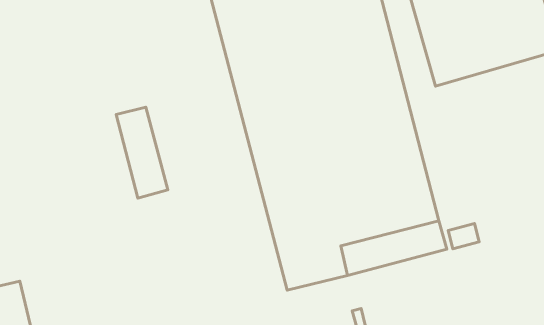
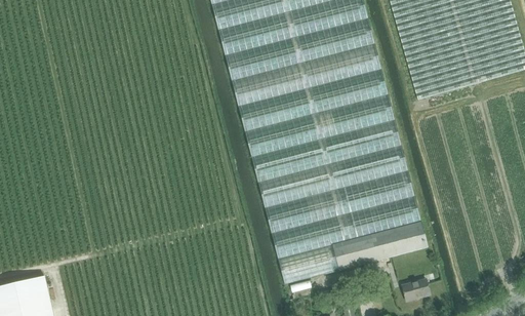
building: [116,107,168,198] -> none
building: [448,224,479,249] -> [402,278,430,301]

